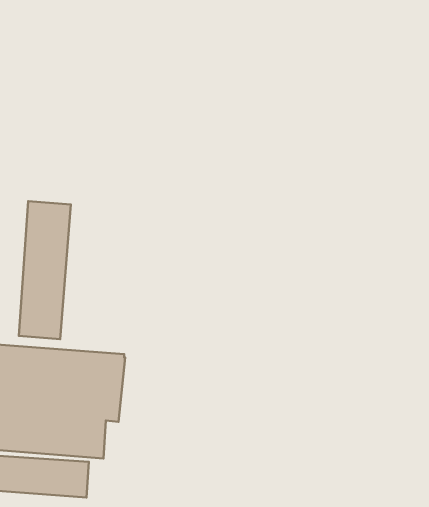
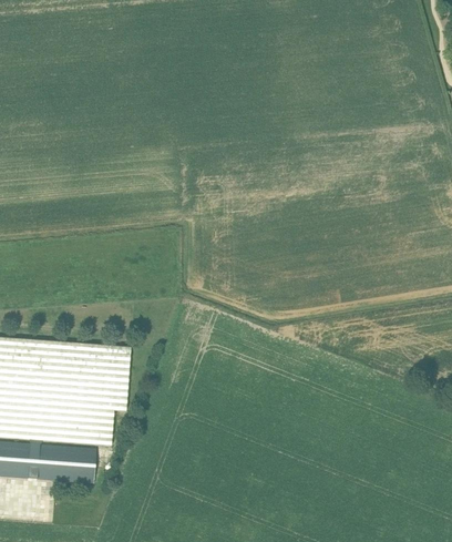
building: [19,201,71,339] -> none

